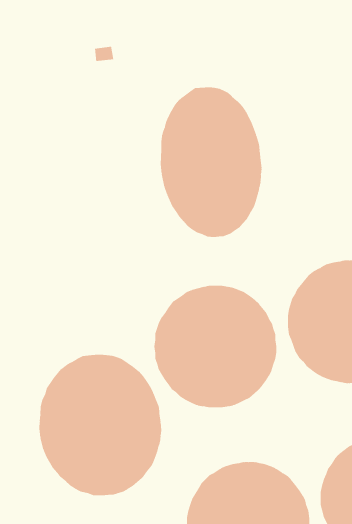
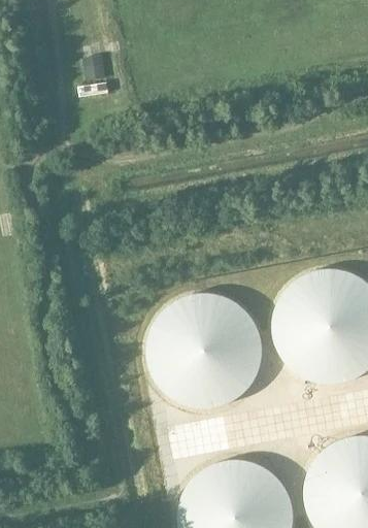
building: [160,86,262,238] -> none
building: [39,354,162,496] -> none

